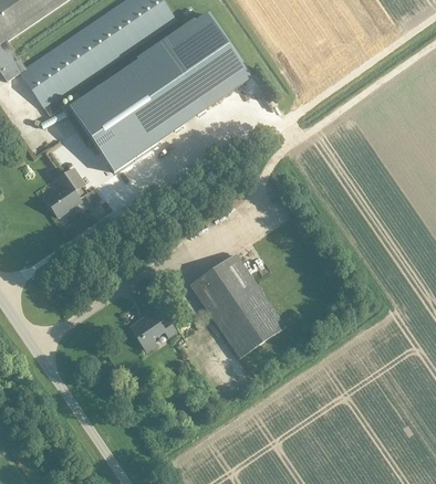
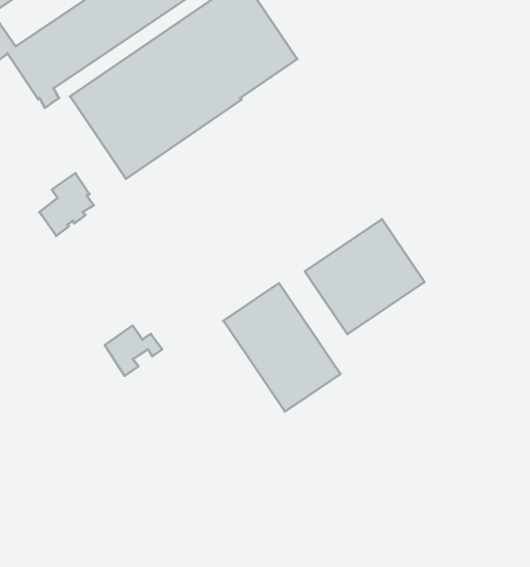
building: none -> [305,219,424,334]
building: [129,311,175,350] -> [105,326,162,376]

